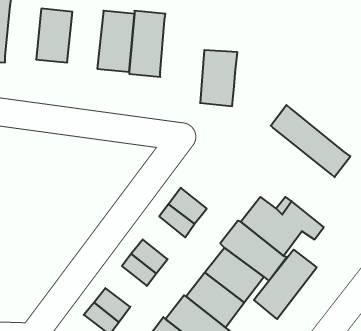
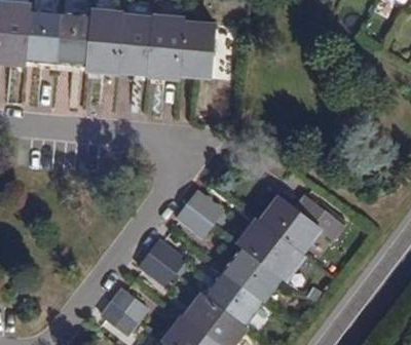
building: none -> [24,8,60,62]
building: none -> [85,8,121,73]
building: [200,50,237,106] -> [178,23,215,78]
building: [271,105,350,177] -> none
building: [254,250,317,319] -> none

